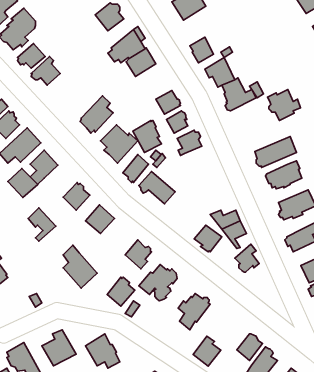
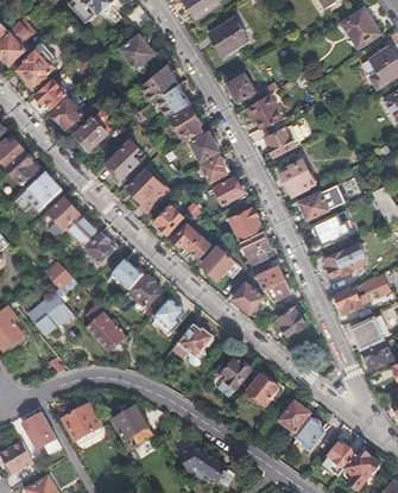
building: none -> [74,109,110,148]
building: [268,90,301,121] -> [278,159,315,194]
building: [133,120,161,152] -> [170,105,202,140]
building: none -> [227,207,257,236]
building: [8,169,38,197] -> [67,215,100,247]
building: none -> [240,230,270,264]
building: none -> [201,247,240,279]
building: none -> [29,293,71,335]
building: [107,277,135,306] -> [129,276,160,308]
building: [193,336,221,366] -> [247,372,278,405]

